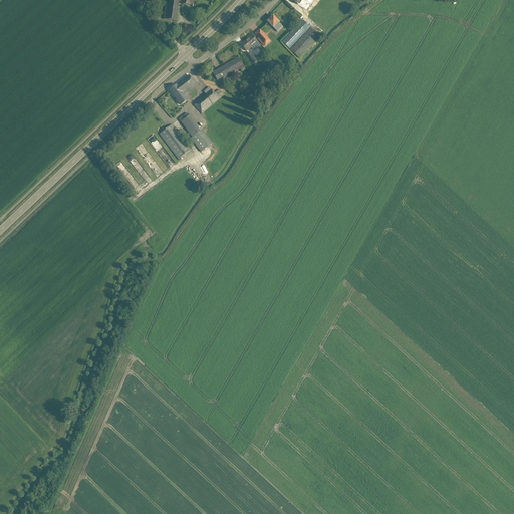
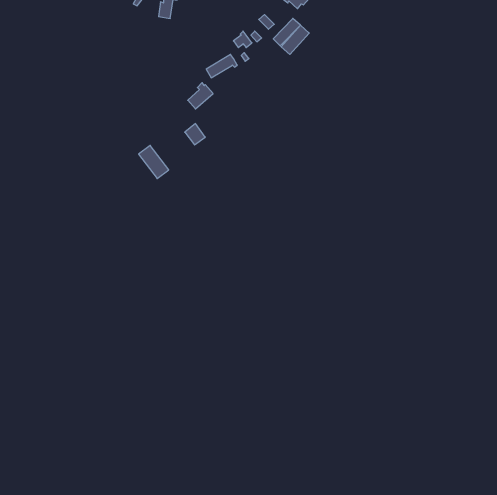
building: [170,73,197,103] -> none
building: [160,123,191,158] -> [139,145,169,179]

